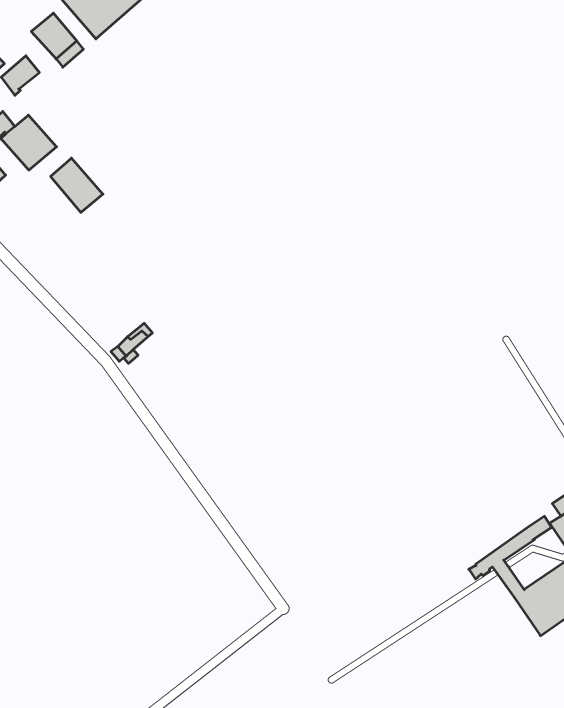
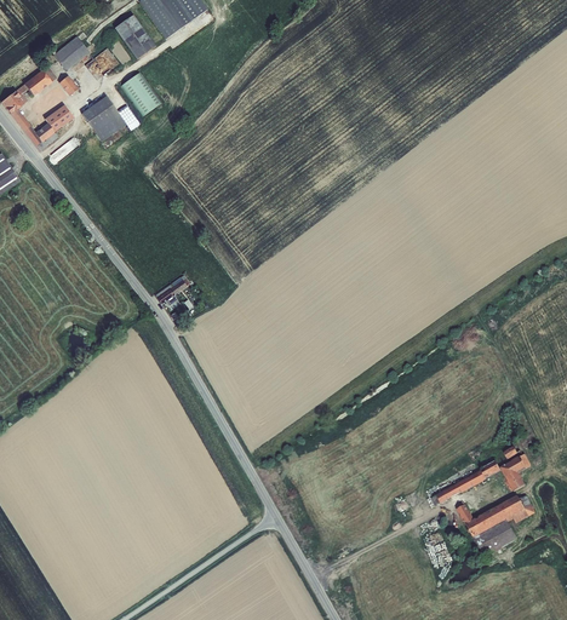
building: [51,158,103,212] -> [121,71,162,116]

